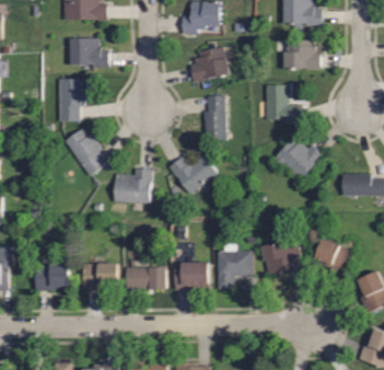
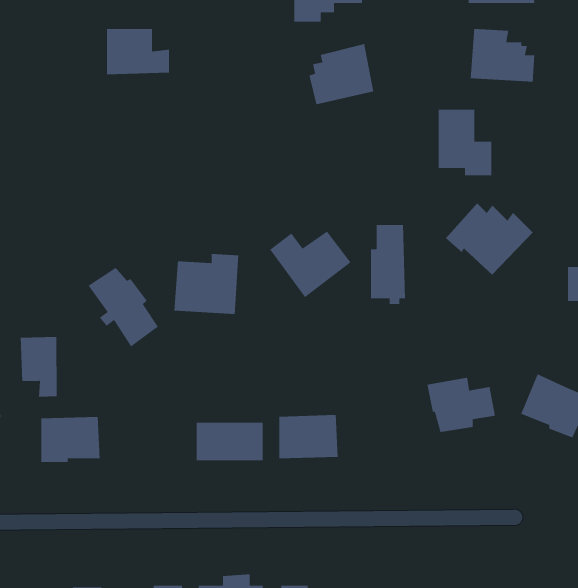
building: [60,81,89,123] -> none
building: [207,96,228,143] -> [370,224,406,305]
building: [66,130,107,177] -> [88,267,159,347]
building: none -> [20,336,58,398]
building: [217,244,252,289] -> none
building: [82,263,117,290] -> none

